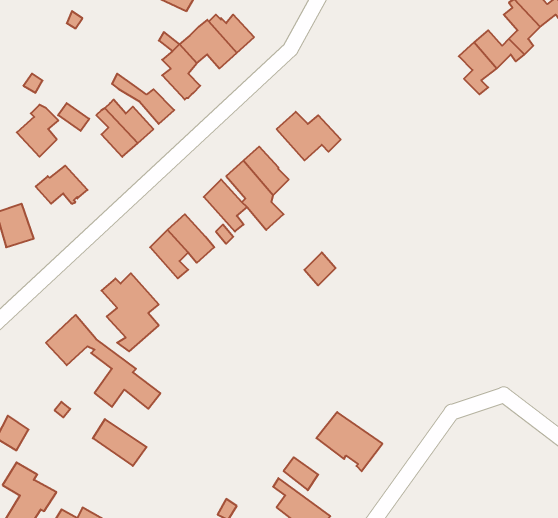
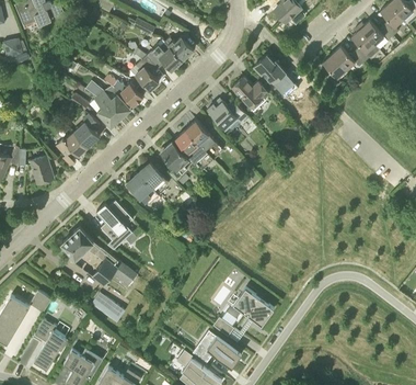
building: none -> [253,56,299,103]
building: none -> [230,77,268,112]
building: [17,105,58,157] -> [73,115,100,148]

